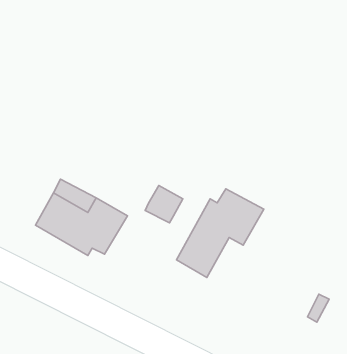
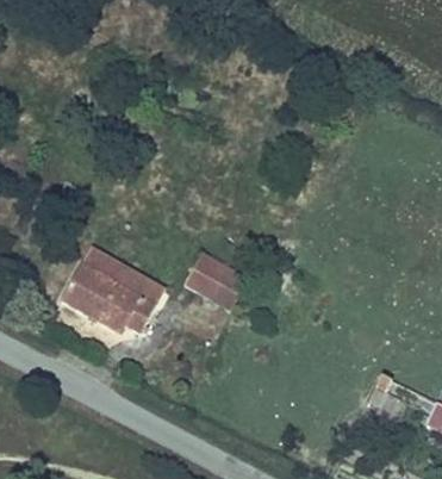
building: [176,189,264,278] -> none

